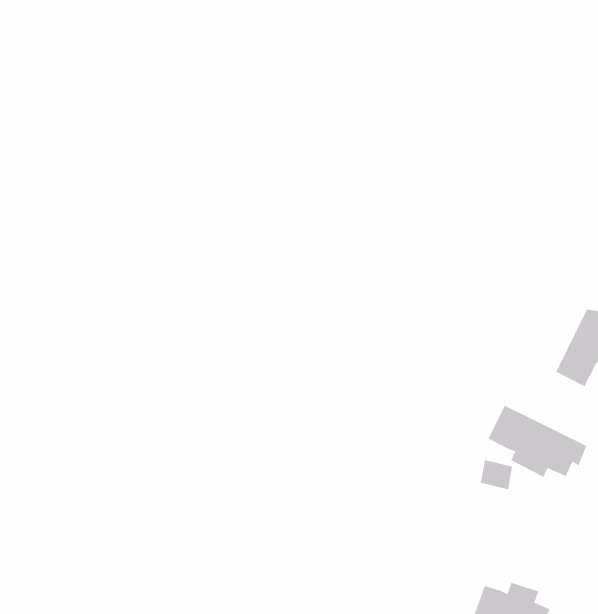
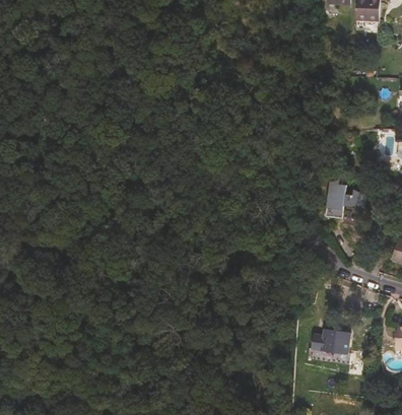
building: [488,405,587,477] -> none

